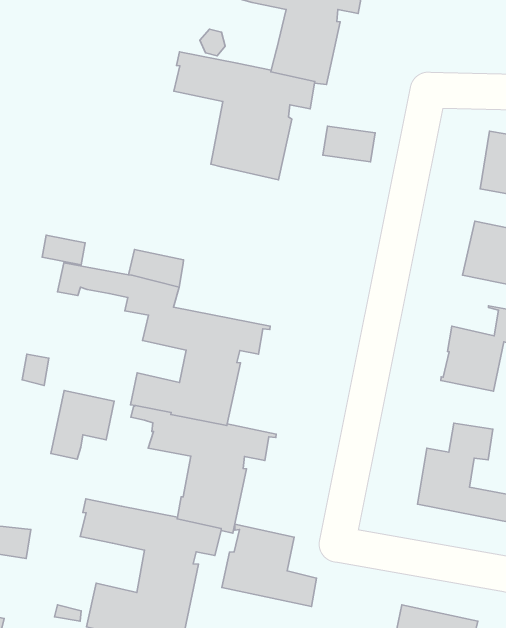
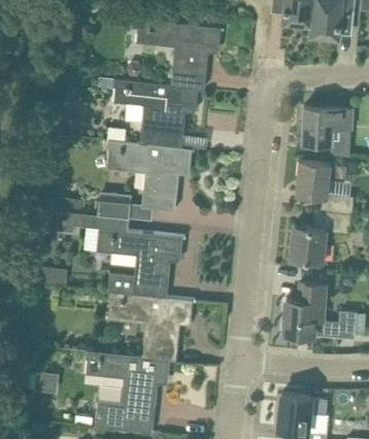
building: none -> [106,141,195,211]
building: [51,390,114,459] -> none
building: [222,524,317,606] -> none

